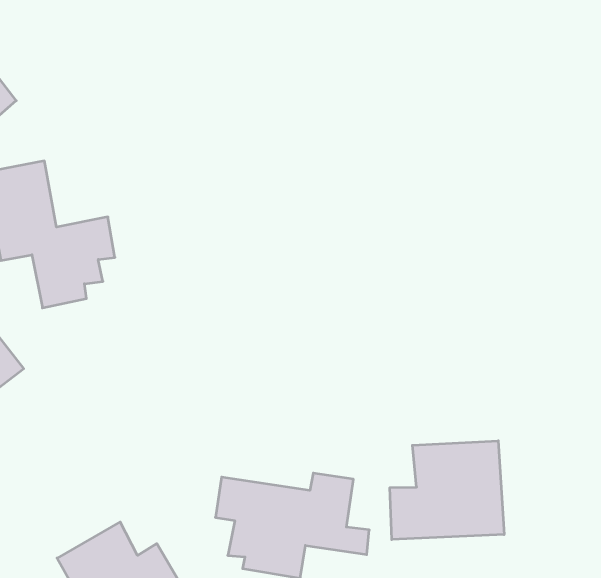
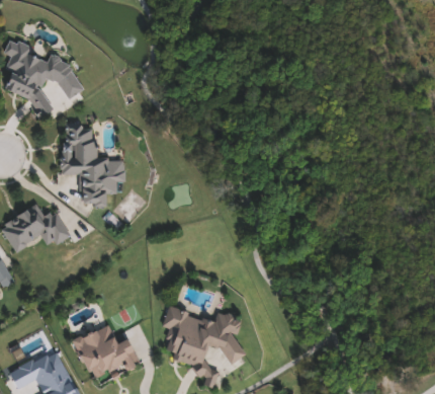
building: [390,441,504,540] -> none

